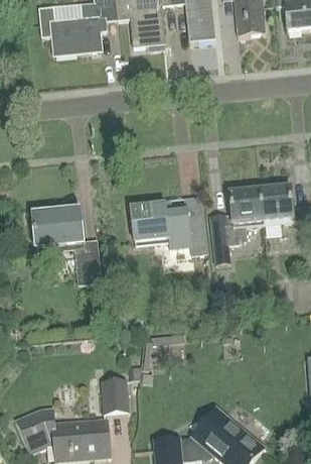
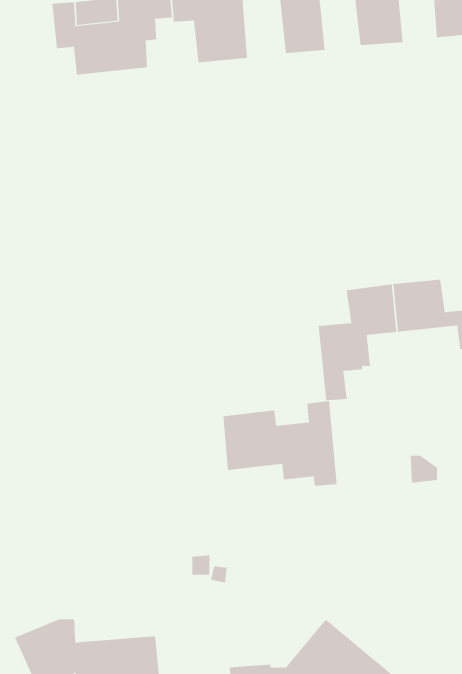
building: [131,198,205,253] -> [222,400,338,486]
building: [31,208,102,285] -> none
building: [101,379,130,414] -> none

